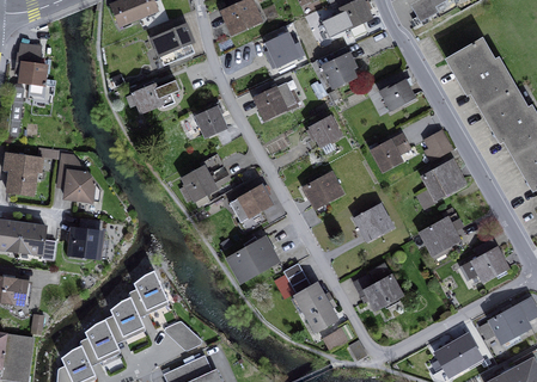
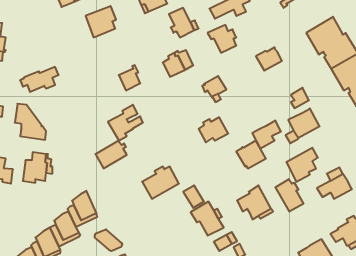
building: [128,79,179,112] -> [20,67,59,92]
building: [371,134,409,171] -> [252,121,281,148]
building: [228,185,270,222] -> [95,141,127,168]
building: none -> [275,179,303,212]

